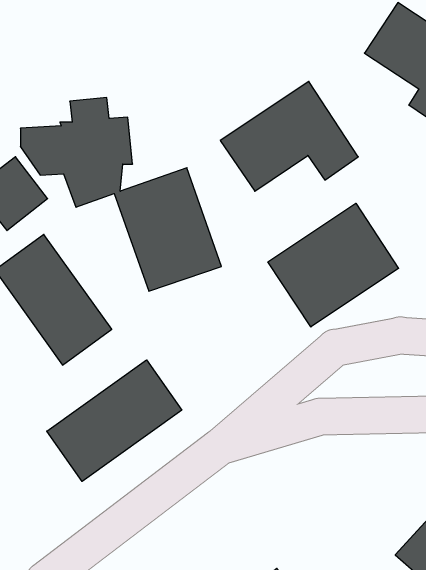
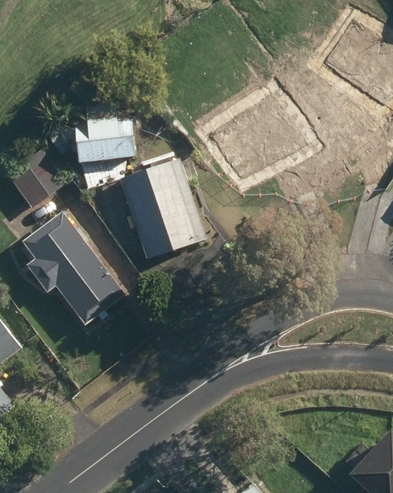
building: [268,203,399,327] -> none
building: [47,360,182,481] -> none

